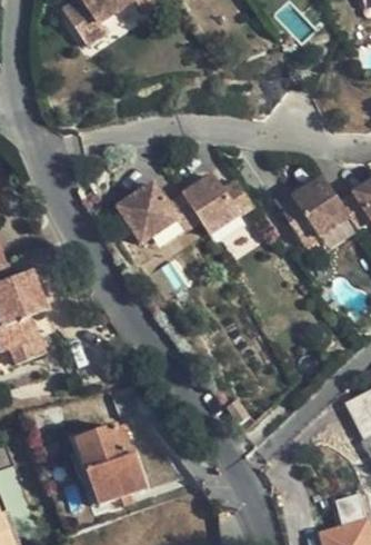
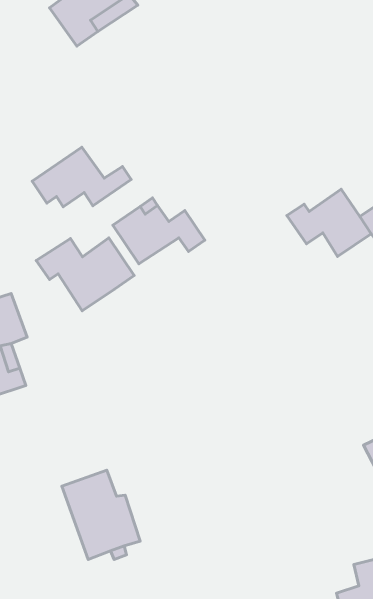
building: none -> [32,147,131,207]
building: [184,174,255,234] -> none
building: none -> [36,238,134,311]

